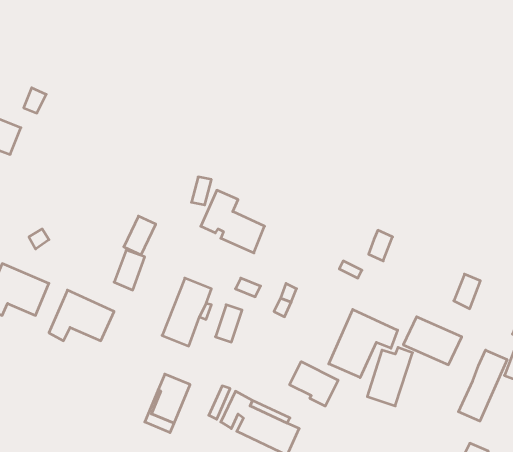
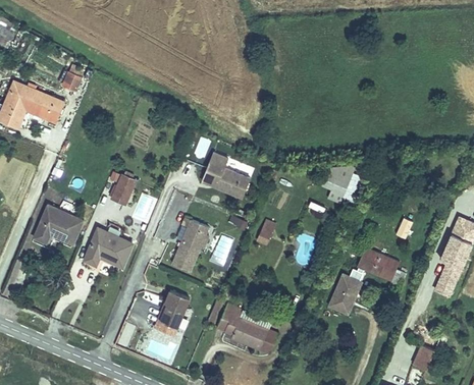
building: none -> [322,165,357,187]
building: [124,216,156,255] -> [110,175,135,205]
building: [329,309,398,378] -> none
building: [458,350,507,421] -> none
building: [290,362,338,406] -> none

